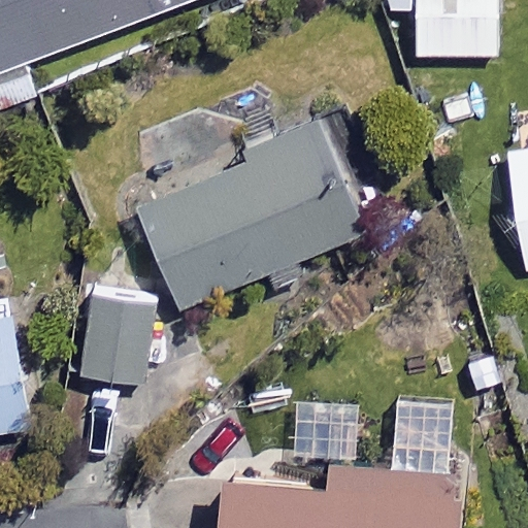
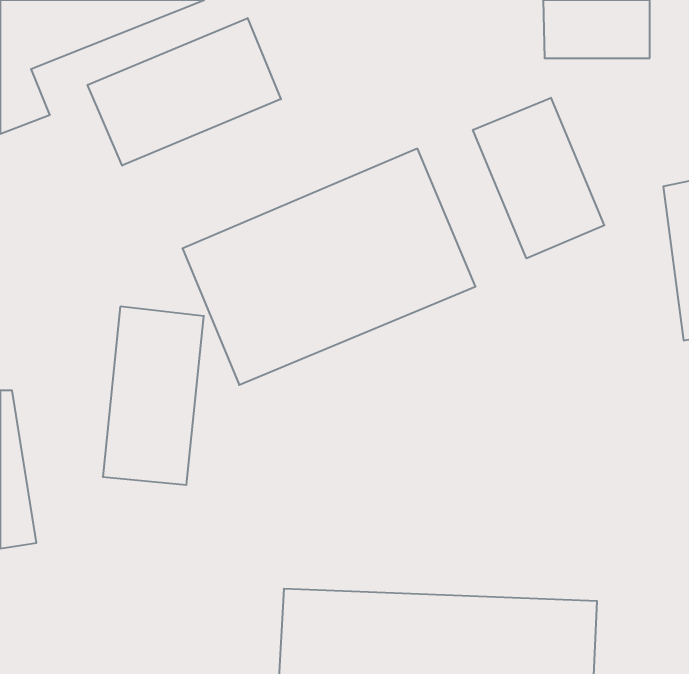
building: none -> [88,18,281,166]
building: none -> [473,98,604,258]

